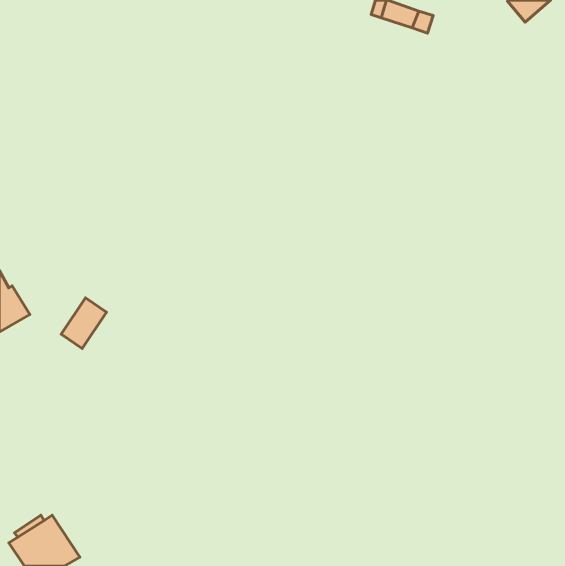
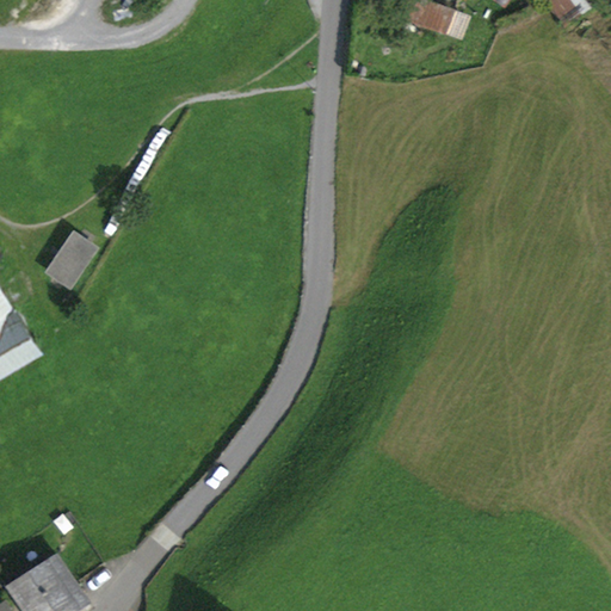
building: [61,298,107,349] -> [45,233,94,288]

